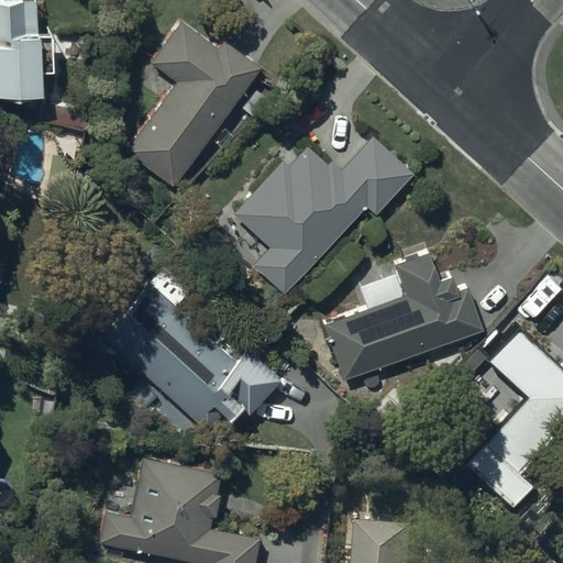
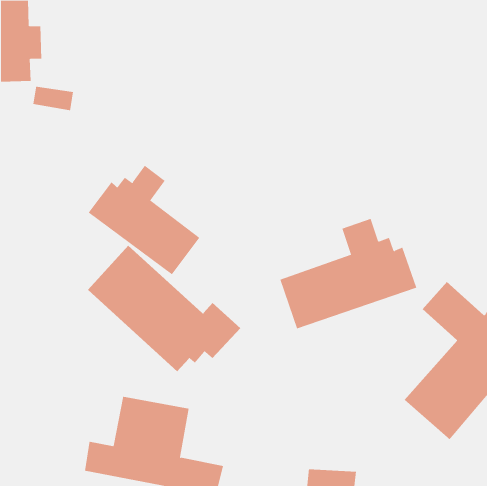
building: [125,23,263,187] -> none
building: [234,136,415,295] -> none
building: none -> [88,165,200,275]

